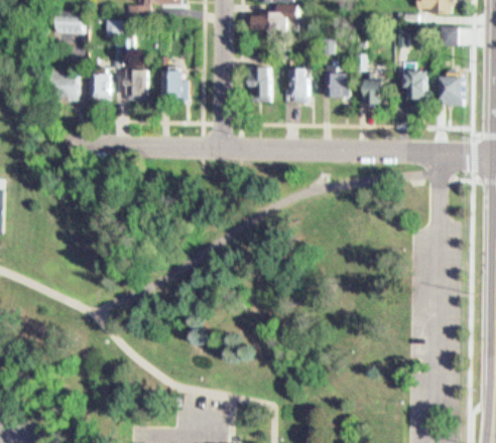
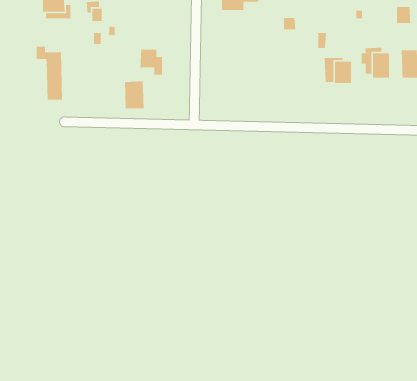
building: [248,65,269,103] -> none
building: [325,65,348,97] -> none
building: [124,68,146,100] -> [124,80,144,109]
building: [286,68,308,104] -> none
building: [86,72,109,99] -> none

